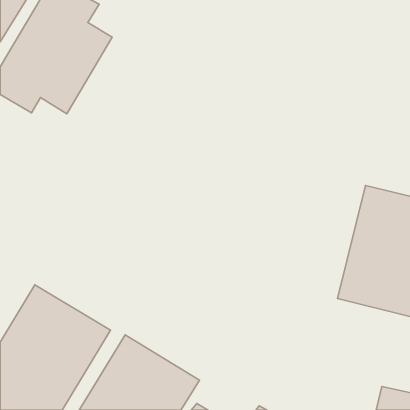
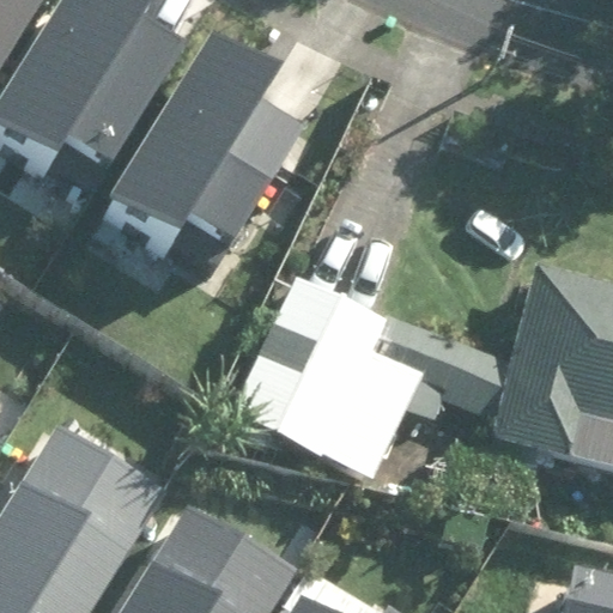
building: none -> [105,41,289,245]
building: none -> [235,283,462,479]

